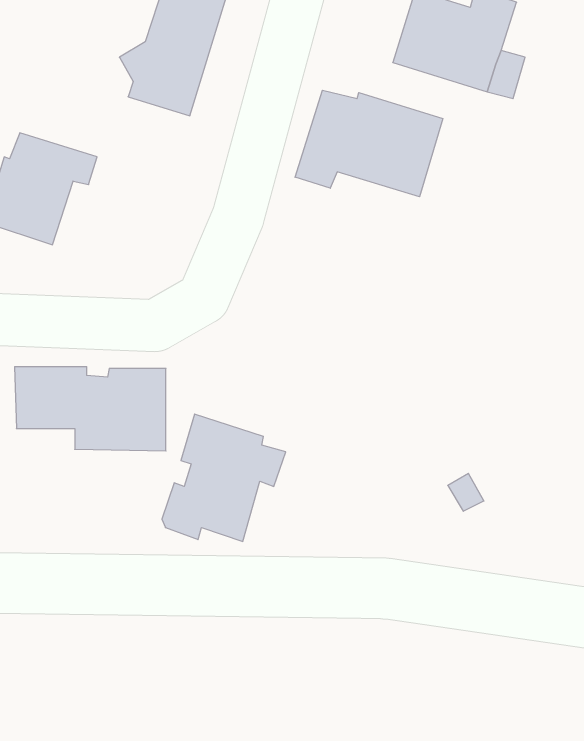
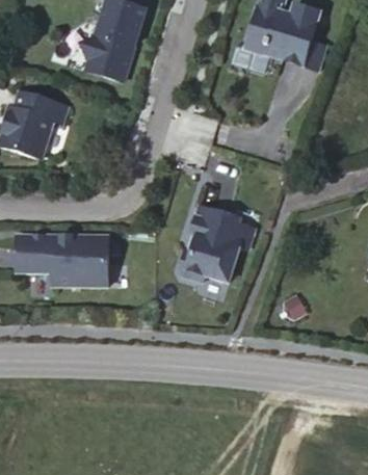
building: [295,90,443,197] -> none
building: [162,414,286,541] -> [176,207,251,284]

